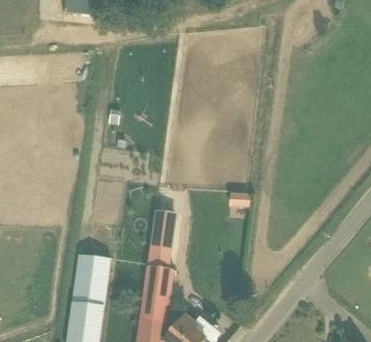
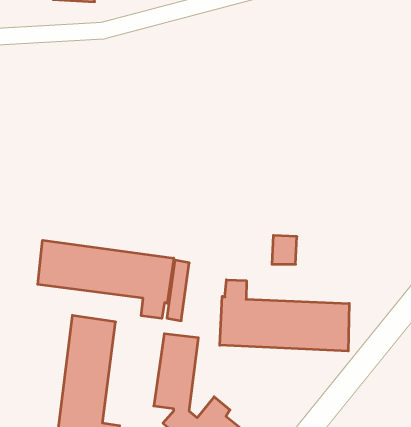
building: none -> [38,240,174,318]
building: none -> [220,280,349,351]

